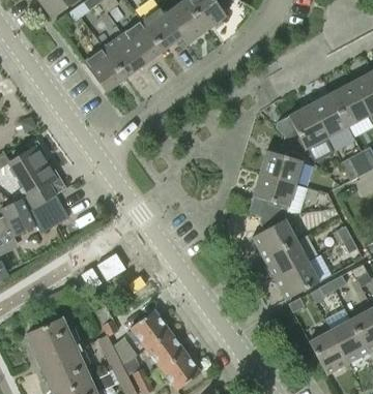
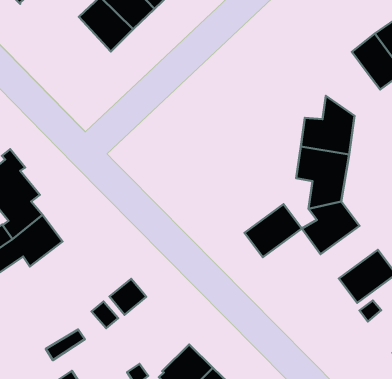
building: [85,48,125,91] -> none
building: [277,104,328,154] -> none
building: [264,239,309,277] -> [245,204,302,257]

